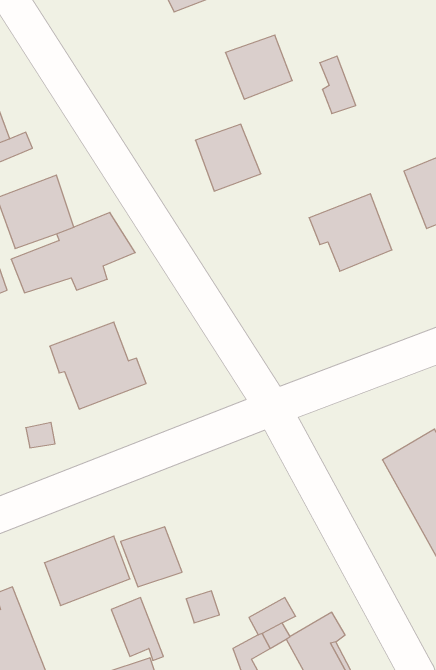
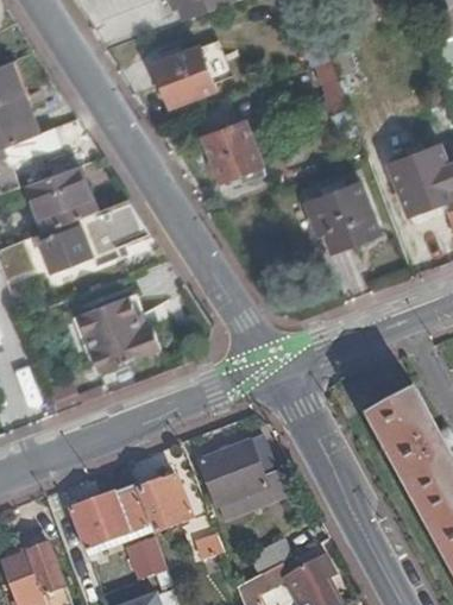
building: [225,35,292,99] -> [156,45,215,102]
building: none -> [199,435,284,513]

